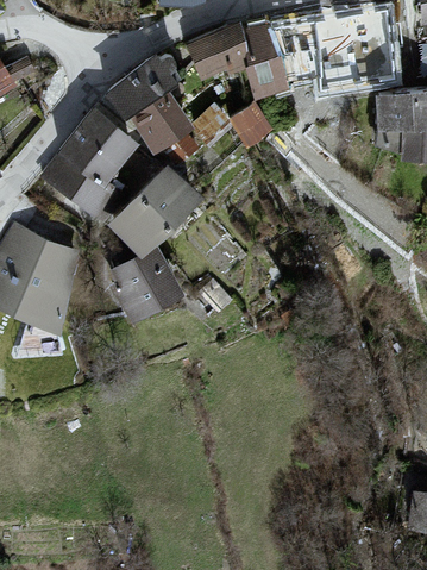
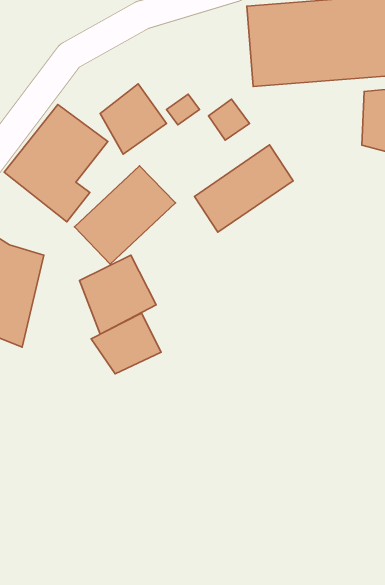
building: [194,29,259,83] -> none
building: [103,55,177,123] -> none
building: none -> [194,145,293,232]
building: none -> [91,313,161,374]

